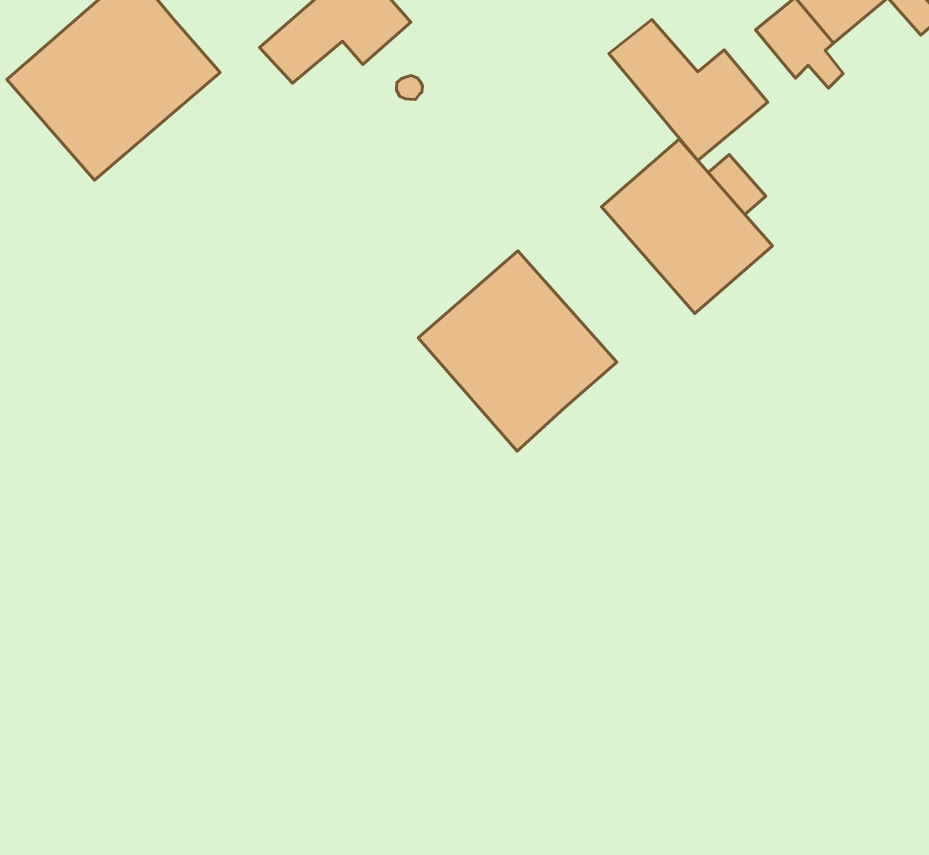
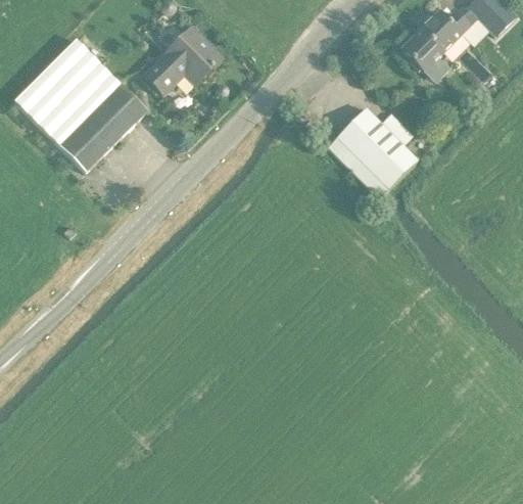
building: [609,19,768,161] -> none
building: none -> [64,89,147,172]
building: [418,251,617,451] -> none

